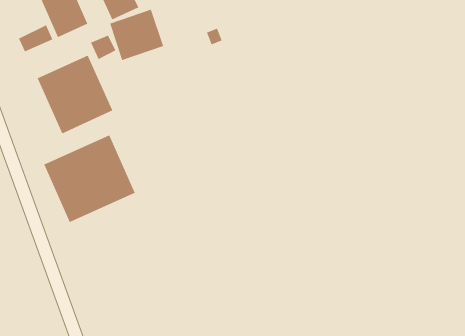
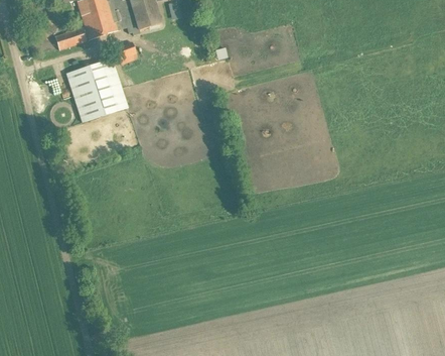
building: [109,9,164,61] -> none
building: [43,134,135,223] -> none

